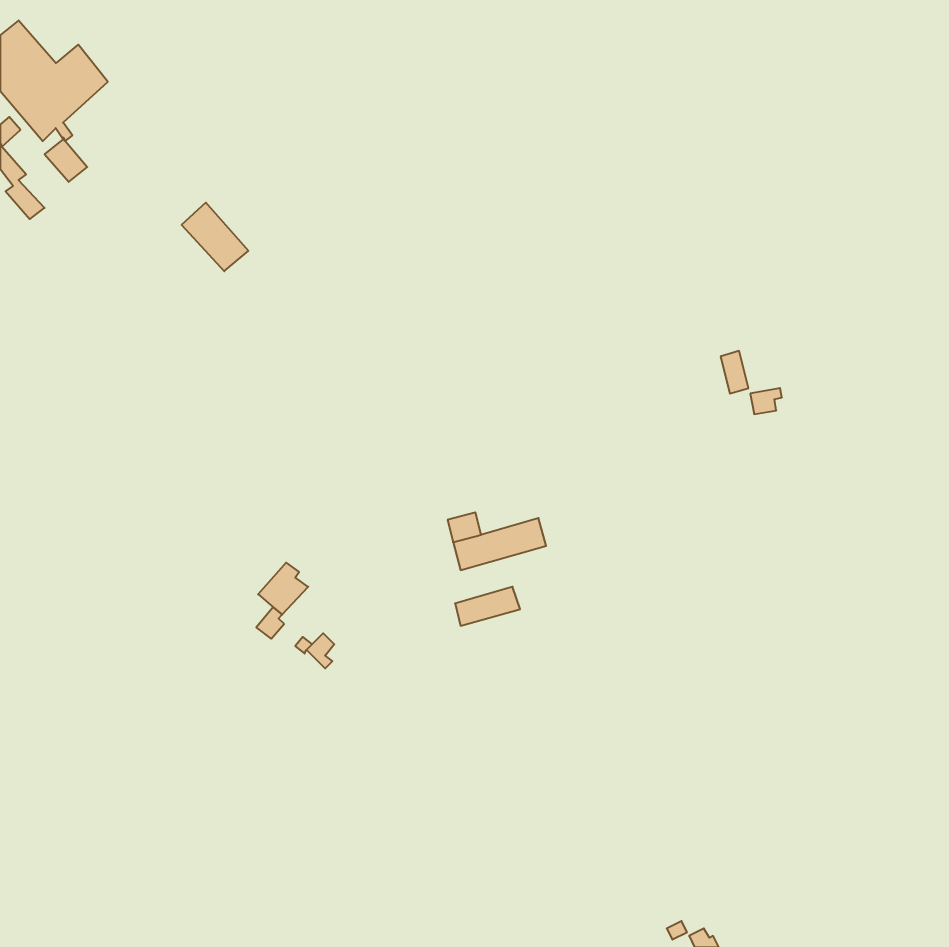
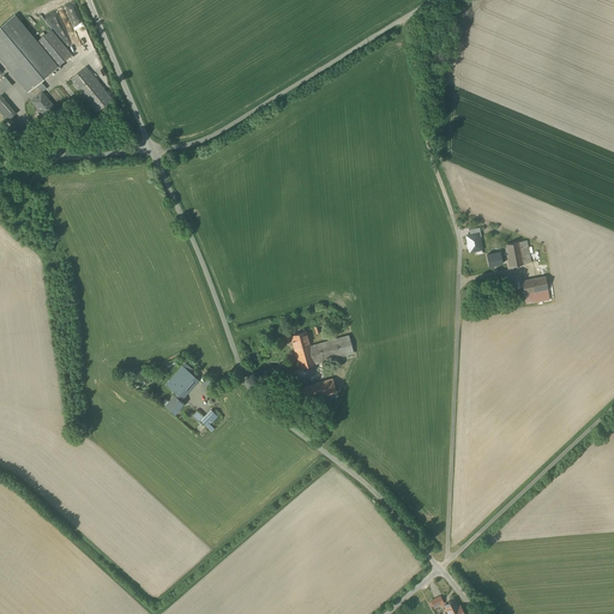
building: [182,203,248,271] -> [67,66,110,110]
building: none -> [502,240,530,266]
building: none -> [522,276,549,305]

